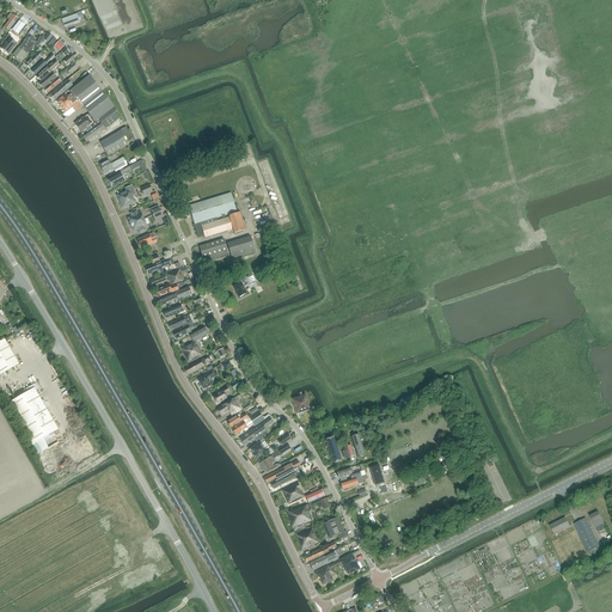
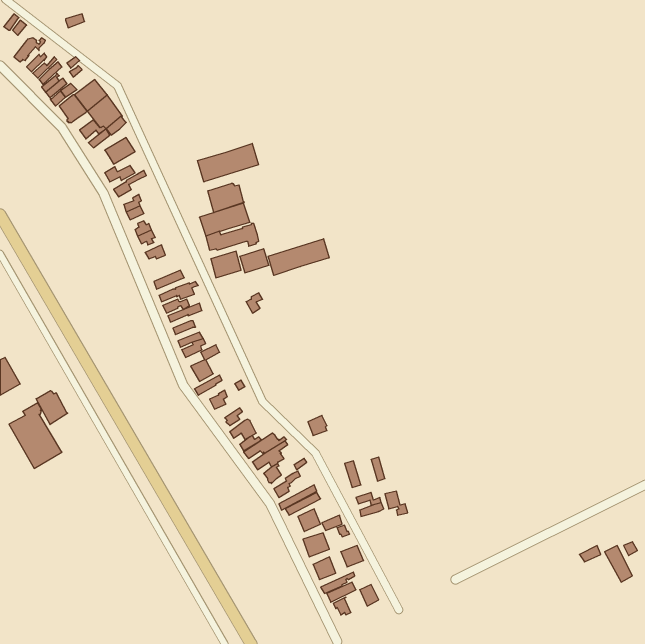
building: none -> [198,143,258,182]
building: none -> [208,183,244,213]
building: none -> [268,239,329,275]
building: none -> [36,391,68,425]

